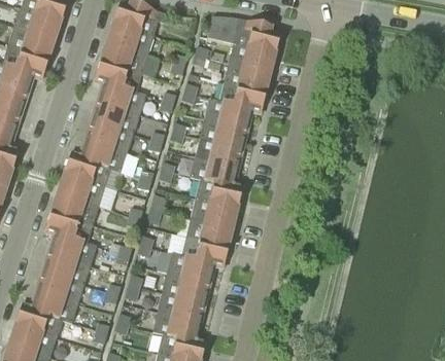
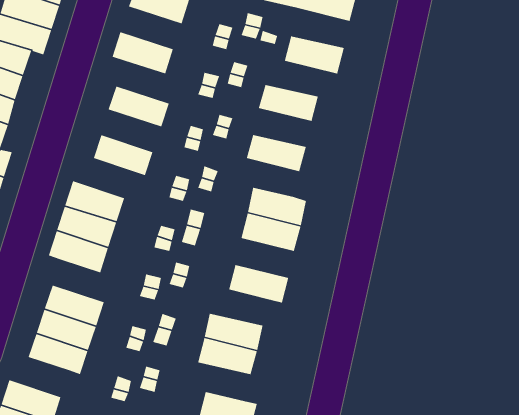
building: [100,41,147,73] -> none
building: [230,42,275,72] -> none
building: [97,82,143,114] -> none
building: [219,82,266,112] -> none
building: [201,118,246,147] -> none
building: [85,119,132,151] -> none
building: [64,153,110,186] -> none
building: [192,156,237,185] -> none
building: [187,217,233,247] -> none
building: [48,233,95,265] -> none
building: [168,254,214,283] -> none
building: [15,304,62,337] -> none
building: [155,312,200,340] -> none

